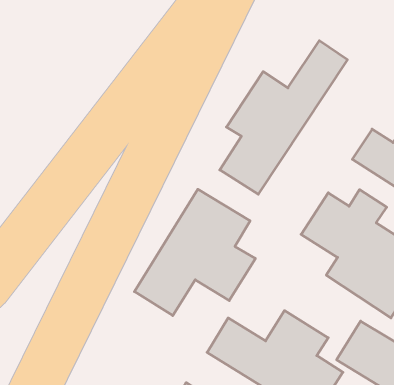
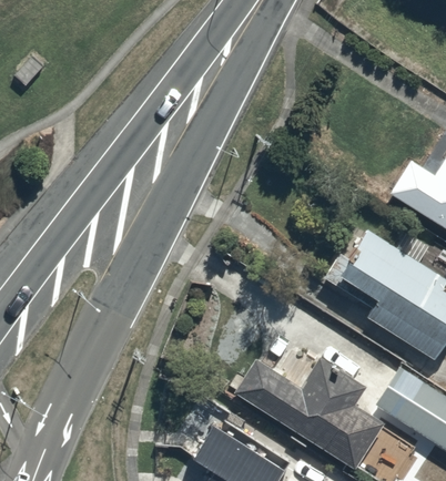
building: [220,41,347,194] -> none
building: [134,189,255,316] -> none

